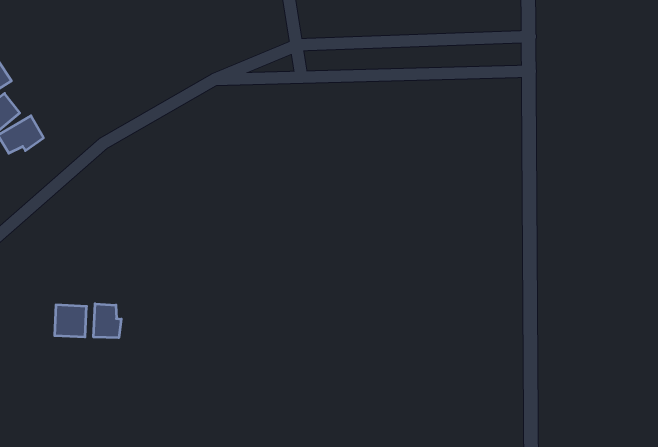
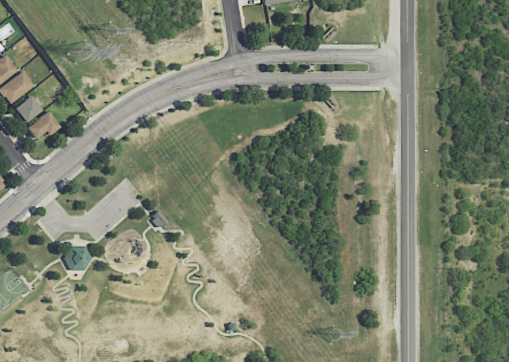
building: [94,304,121,338] -> none

